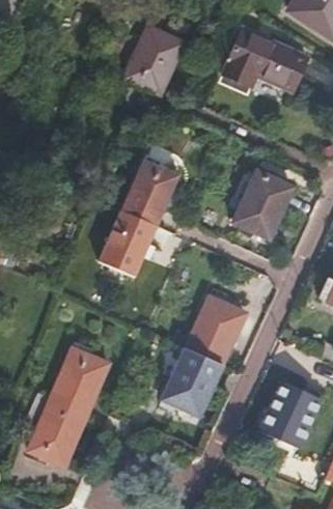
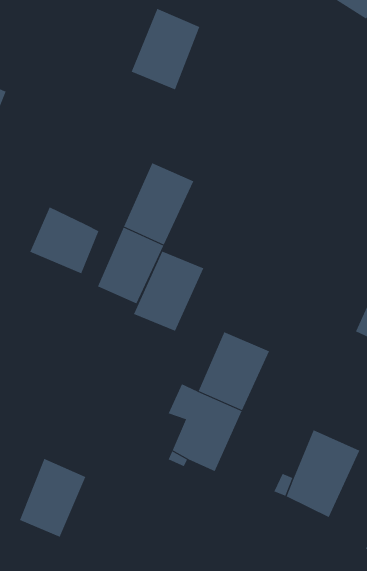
building: [221,28,306,90] -> none
building: [232,170,292,237] -> [133,251,204,331]
building: none -> [30,207,99,274]
building: [55,347,113,417] -> none

